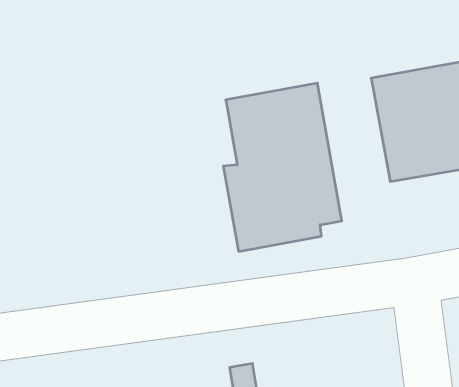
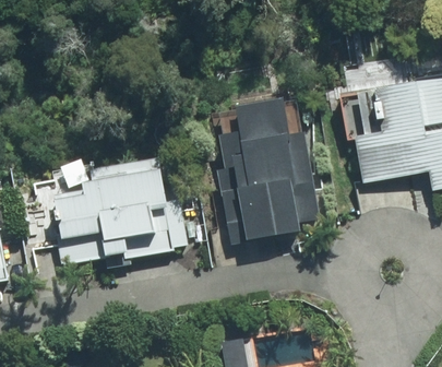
building: none -> [53,157,187,265]

